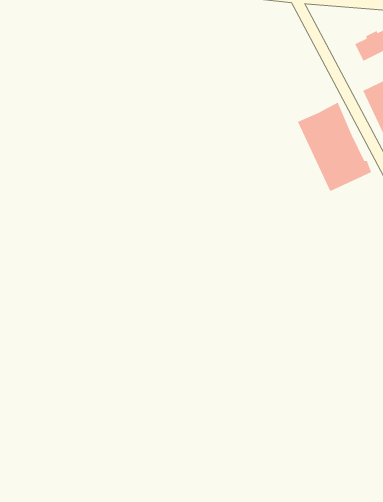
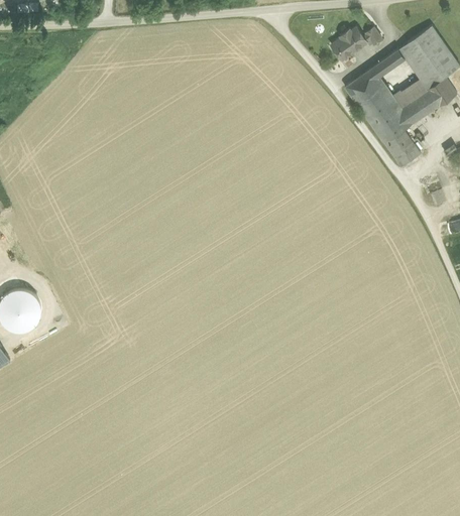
building: [297,102,372,192] -> none

